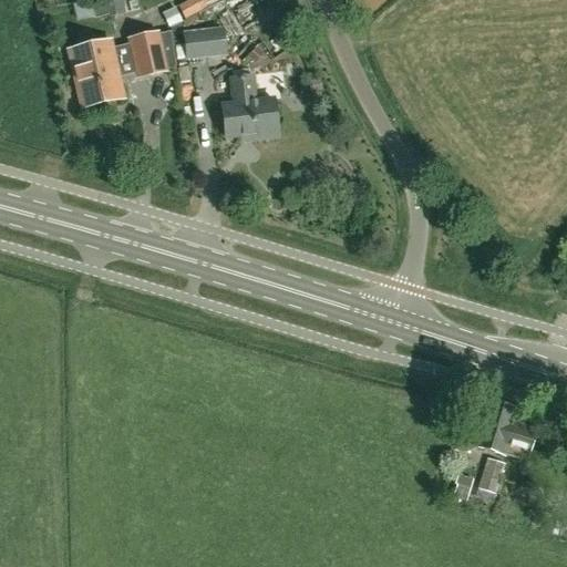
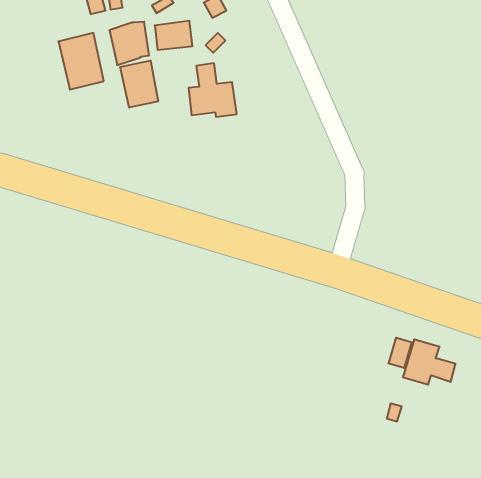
building: none -> [120,60,158,108]
building: [477,456,505,492] -> [388,338,412,368]

